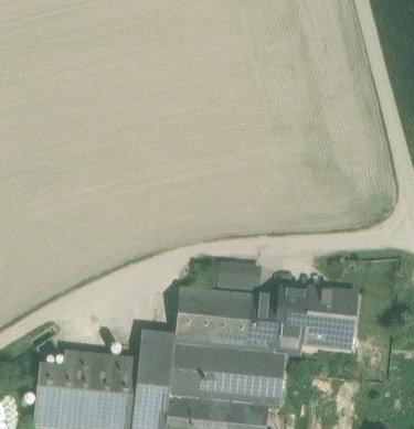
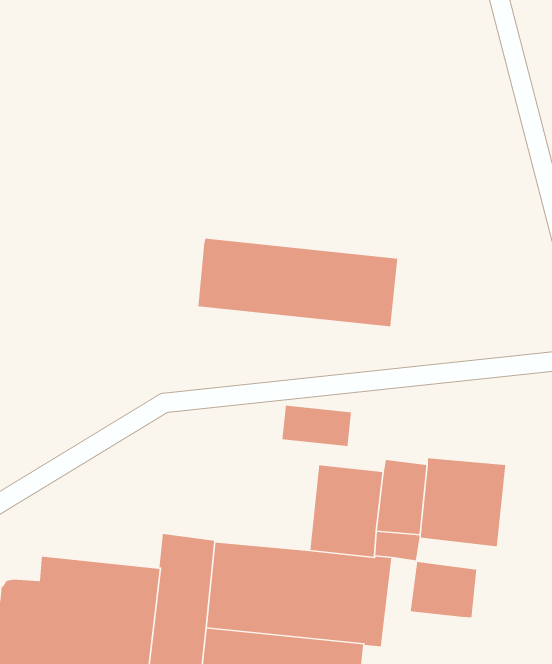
building: none -> [198,238,398,327]
building: [173,289,238,348] -> none
building: none -> [410,561,477,618]

